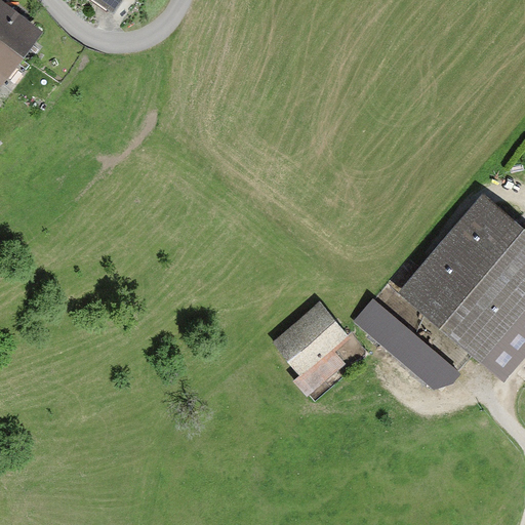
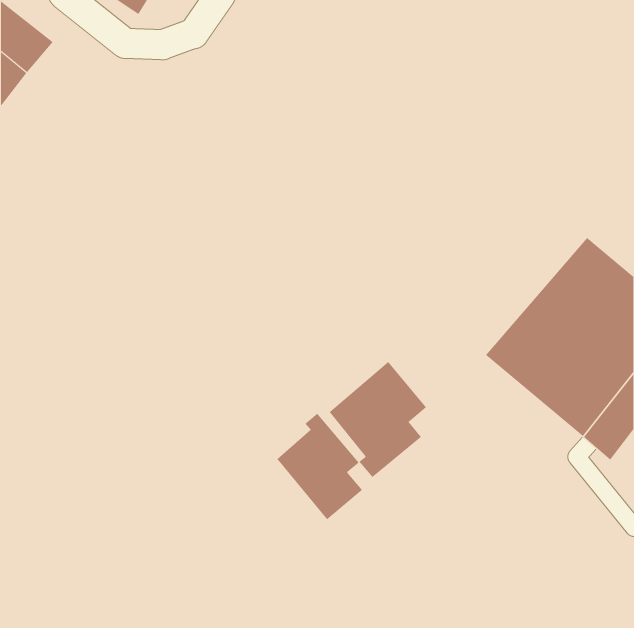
building: [353,296,463,388] -> none
building: none -> [277,413,363,520]

